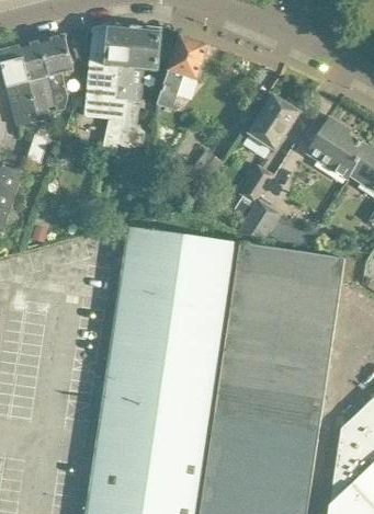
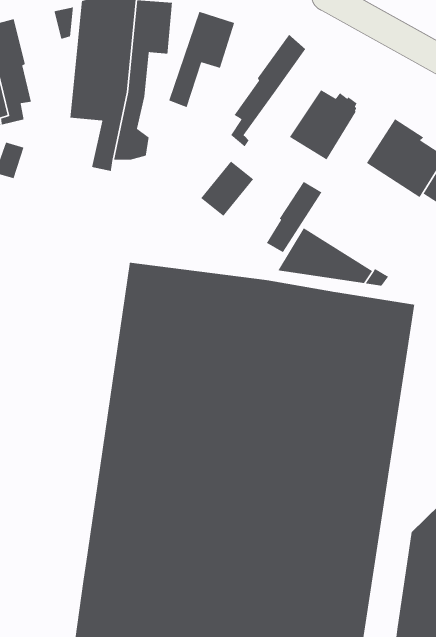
building: [41,35,73,111] -> none
building: none -> [230,34,306,148]

